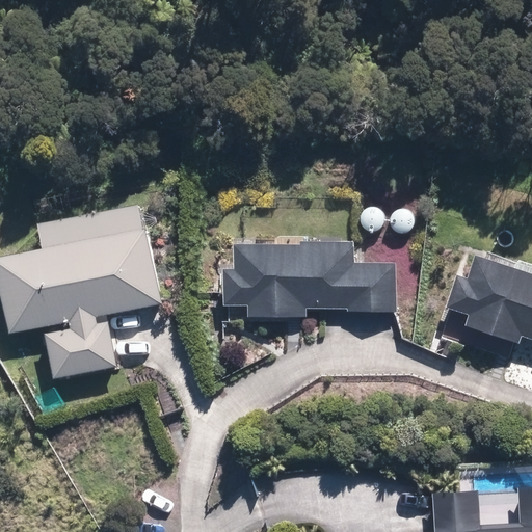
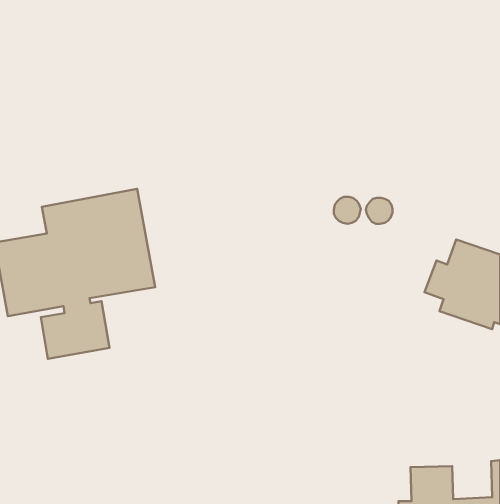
building: [224,236,399,322] -> none

